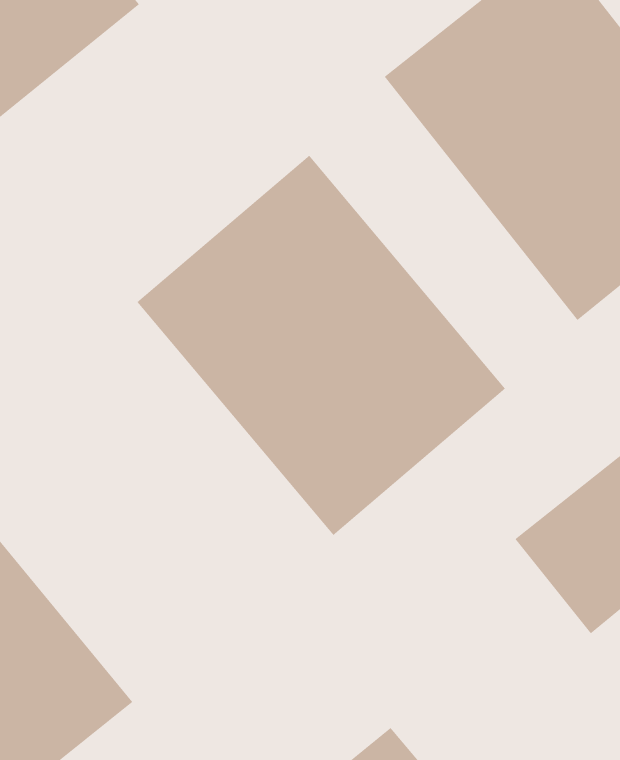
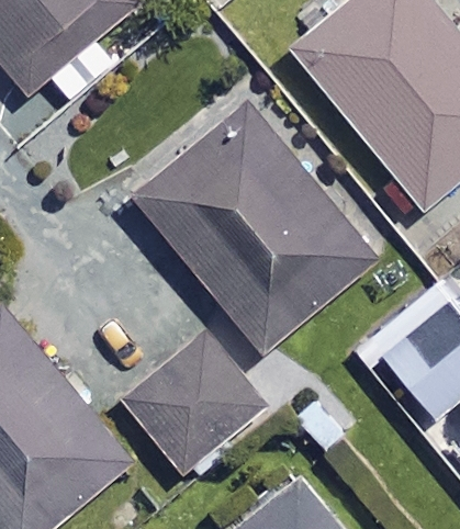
building: none -> [121,331,266,474]

